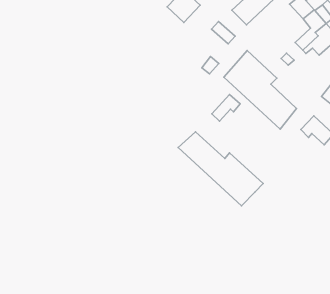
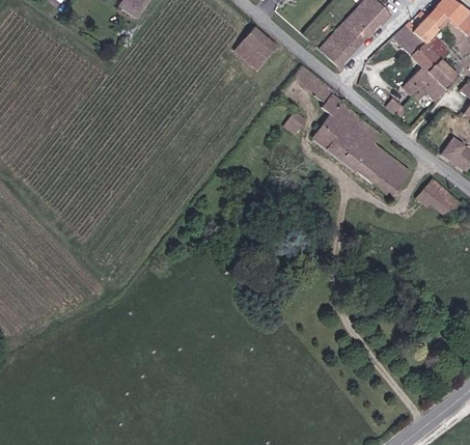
building: none -> [314,83,341,114]
building: [212,94,240,121] -> none
building: [178,132,263,206] -> none

